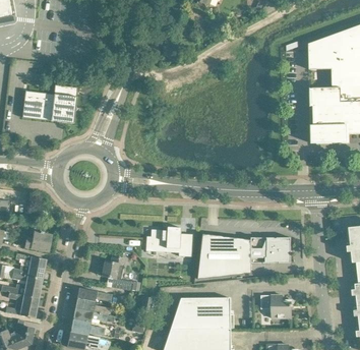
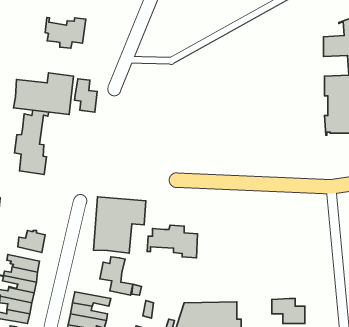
building: none -> [45,17,86,48]
building: none -> [74,79,97,112]
building: none -> [15,110,49,175]
building: none -> [93,197,146,253]
building: [196,233,291,278] -> none

